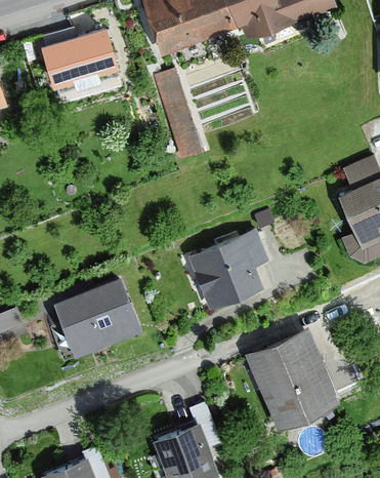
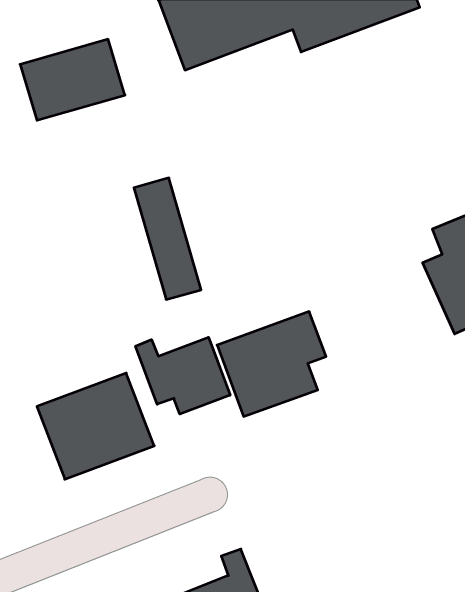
building: [155,61,204,150] -> [134,178,201,299]
building: none -> [136,337,230,414]
building: [246,329,338,427] -> none

